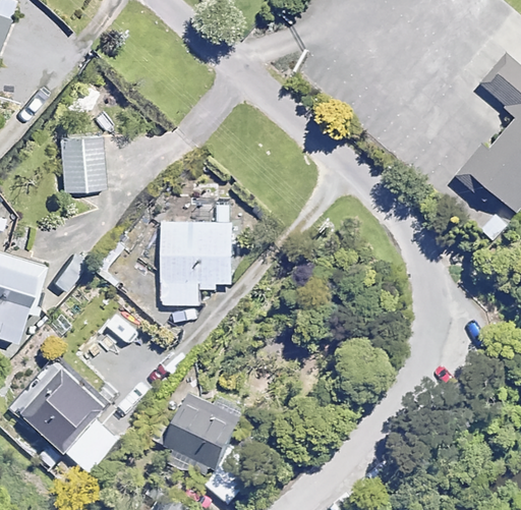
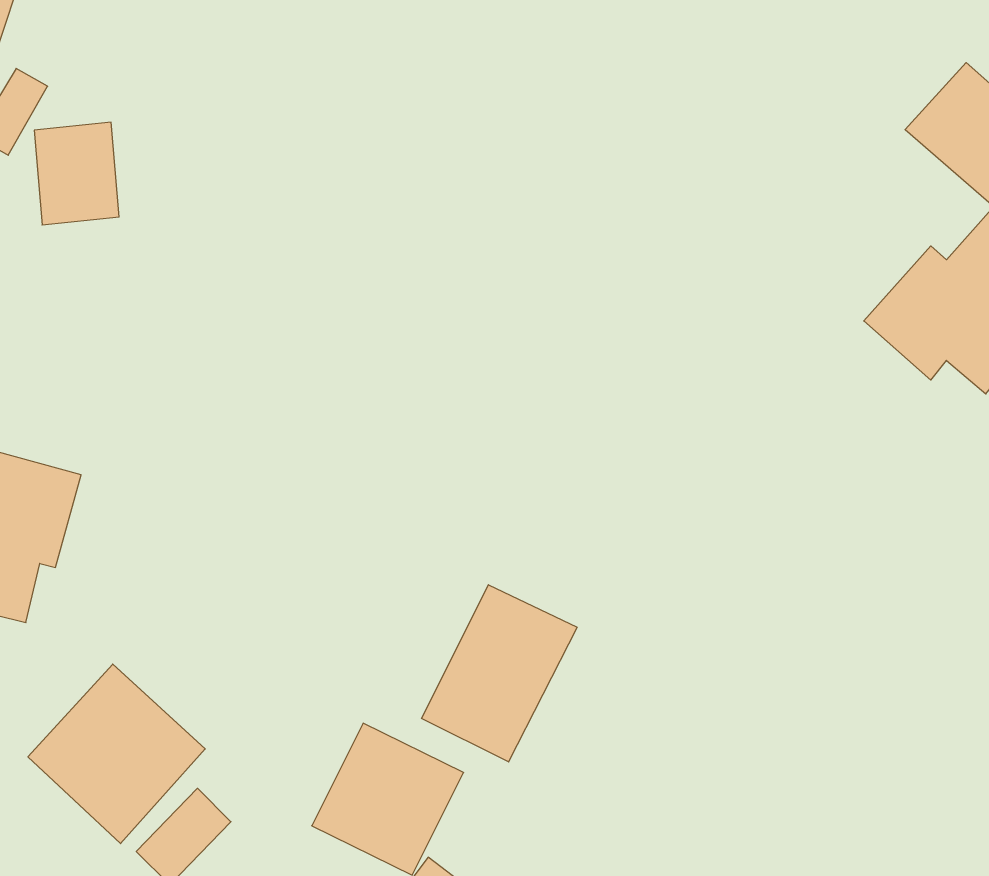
building: [60,138,104,191] -> [34,122,119,225]
building: [161,222,233,305] -> none
building: none -> [422,585,577,762]

